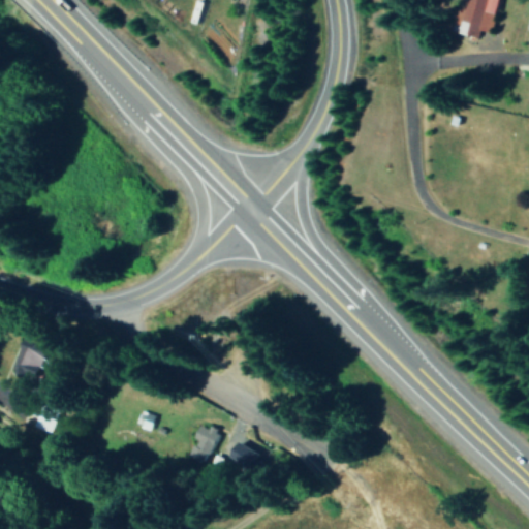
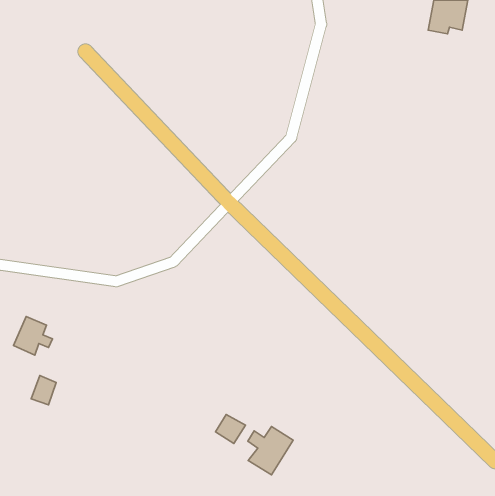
building: [188,425,219,462] -> none
building: none -> [248,426,293,475]

